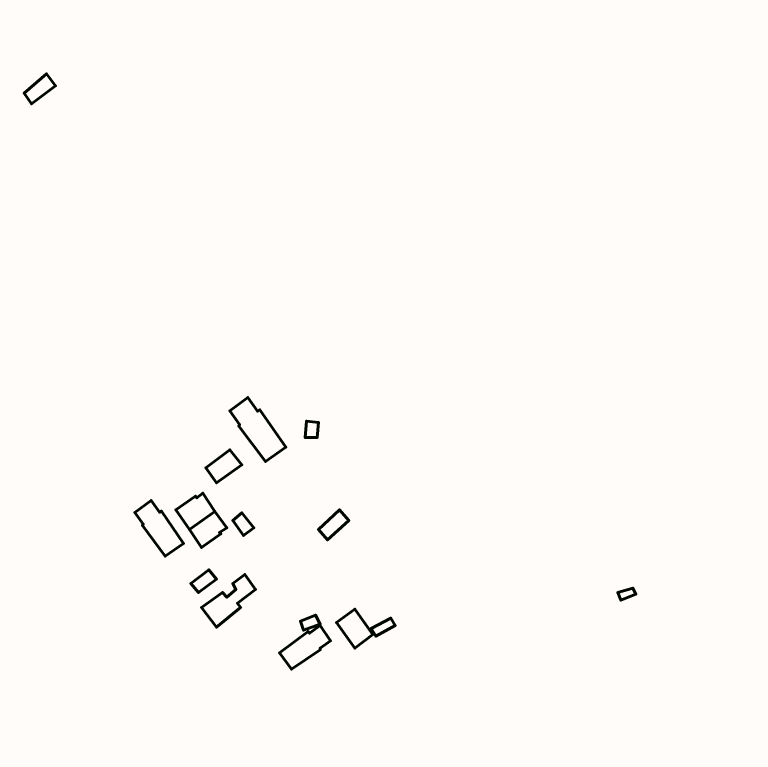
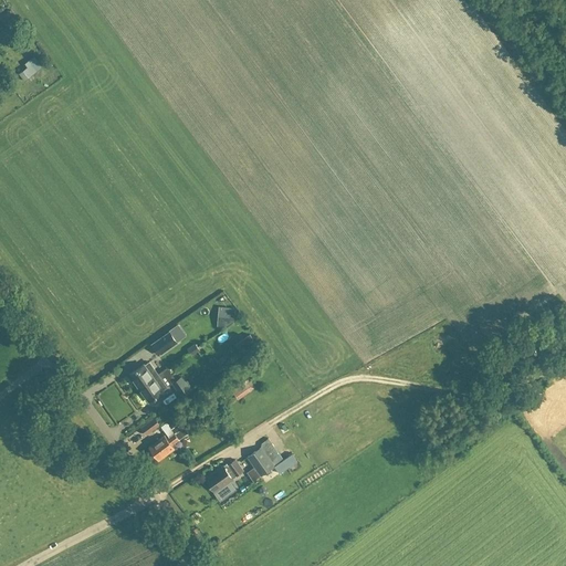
building: [230,398,286,462] -> none
building: [135,501,184,556] -> none

